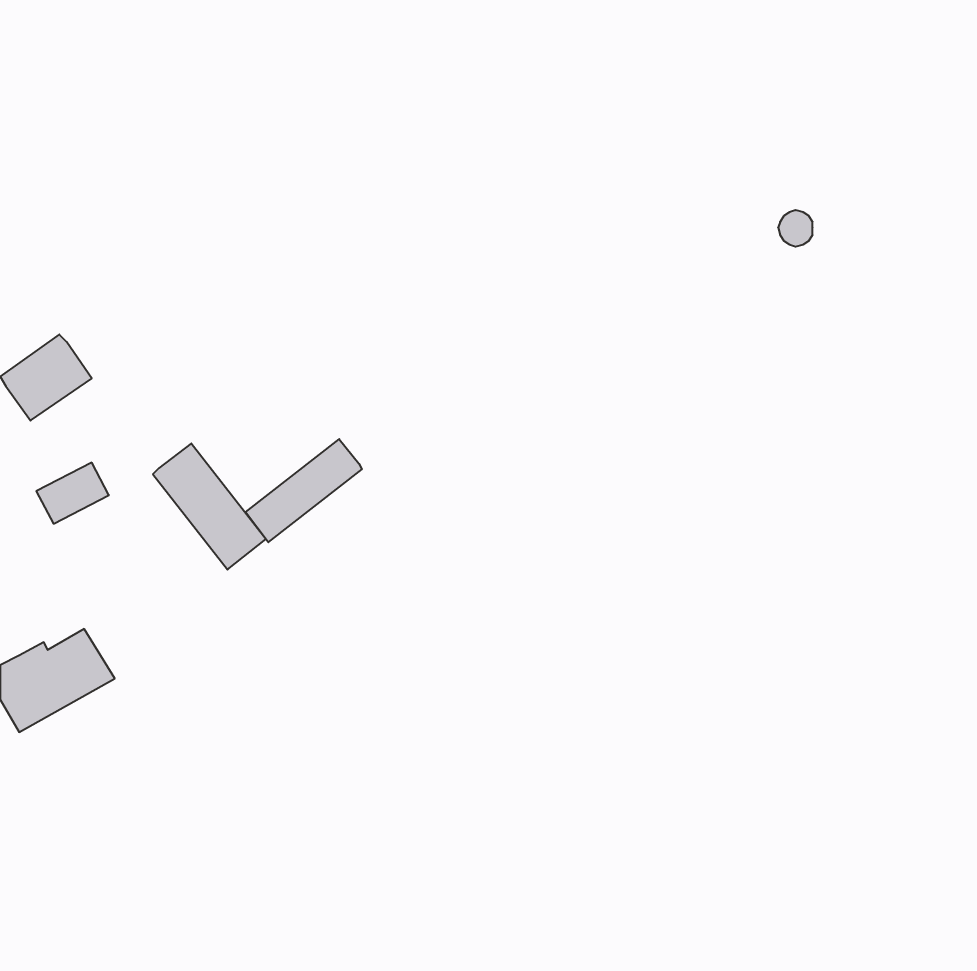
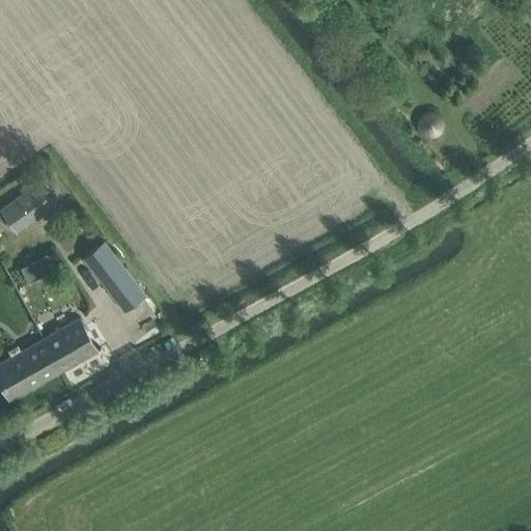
building: [246,439,362,542] -> none
building: none -> [46,320,95,371]

